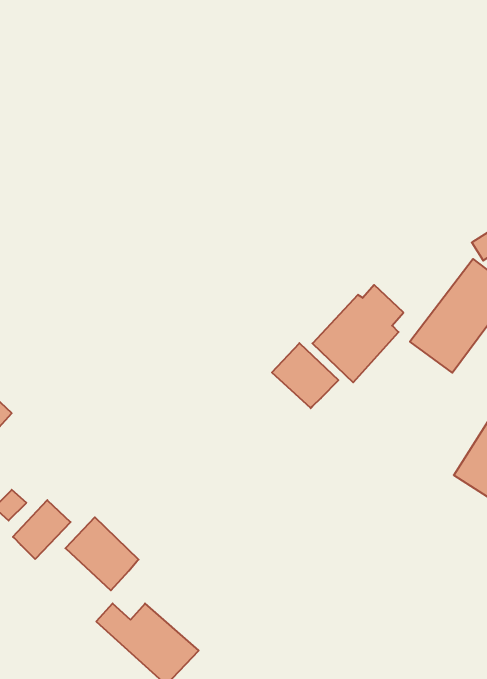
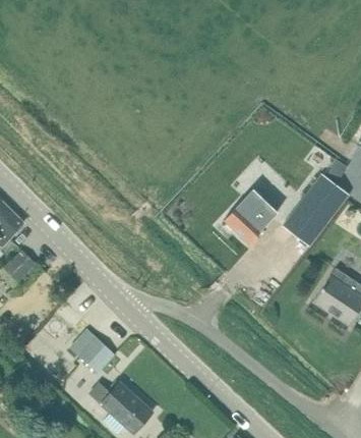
building: [272,343,338,408] -> none
building: [13,500,71,559] -> none

